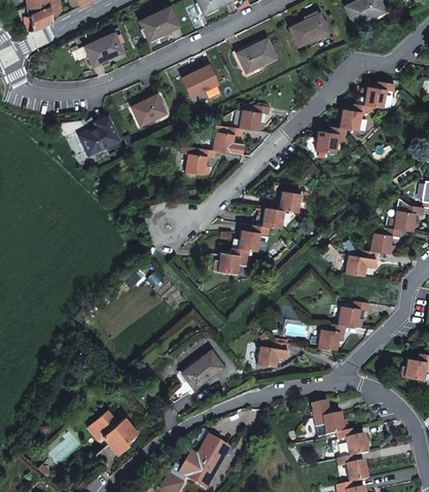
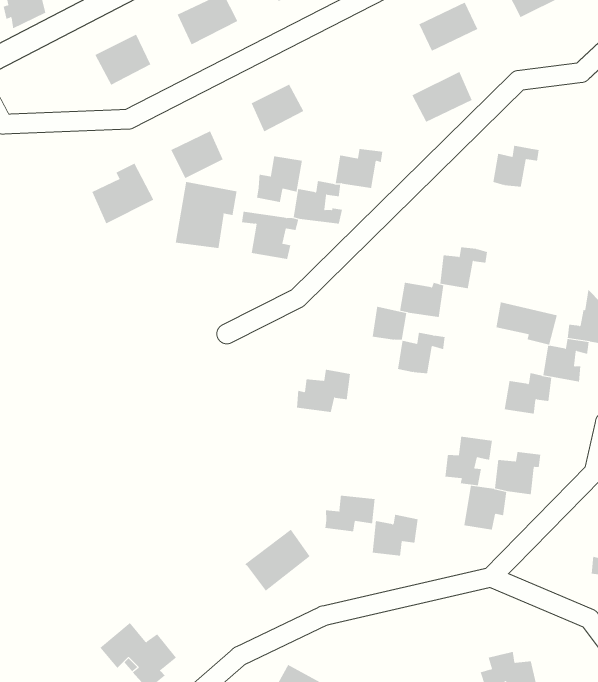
building: [237,38,276,71] -> [411,71,473,123]
building: [363,83,394,110] -> none
building: none -> [256,156,303,203]
building: [315,128,346,154] -> [440,247,488,289]
building: none -> [175,181,237,249]
building: none -> [496,301,558,345]
building: [238,225,269,252] -> [397,332,445,374]
building: none -> [445,436,492,486]
building: none -> [325,495,375,532]
building: [311,400,348,434] -> none

